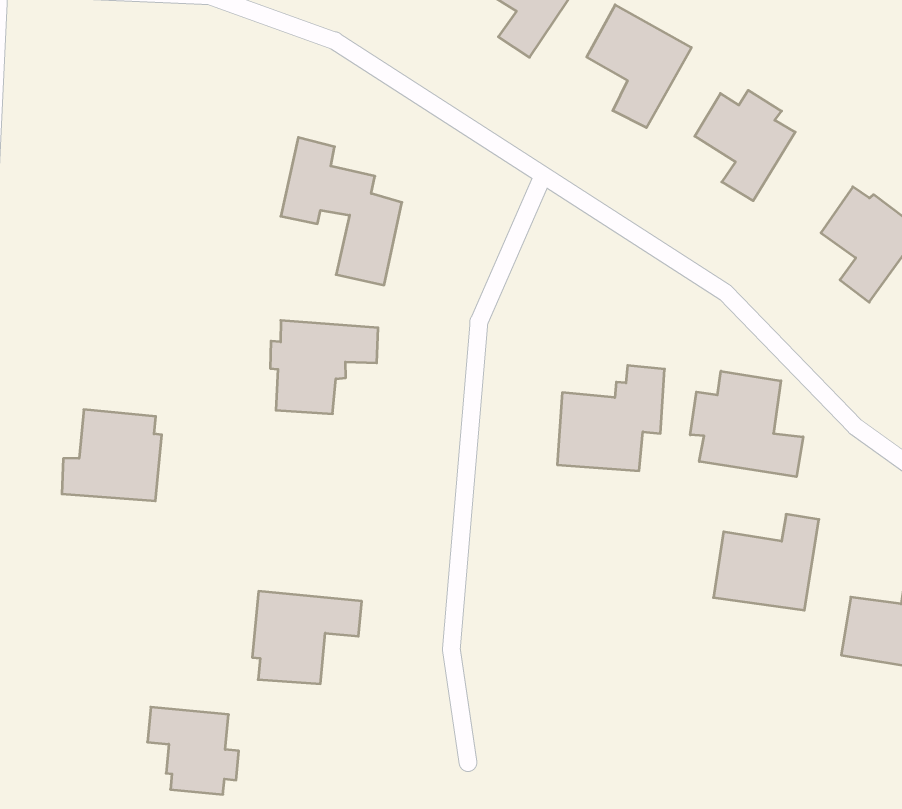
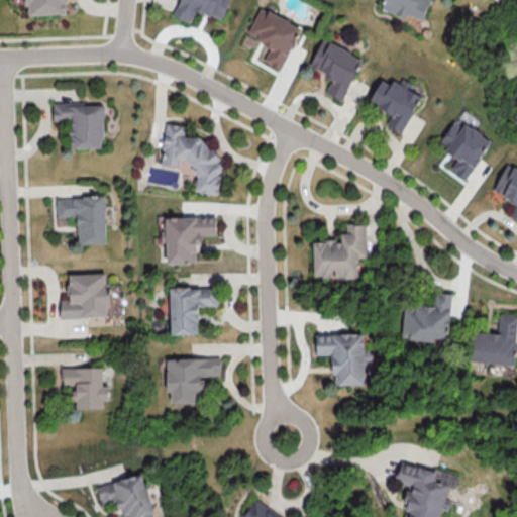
building: none -> [54,102,105,148]
building: none -> [57,197,107,244]
building: [690,371,803,477] -> none
building: none -> [170,287,219,335]
building: none -> [317,334,366,386]
building: [147,707,239,794] -> [63,368,110,409]

